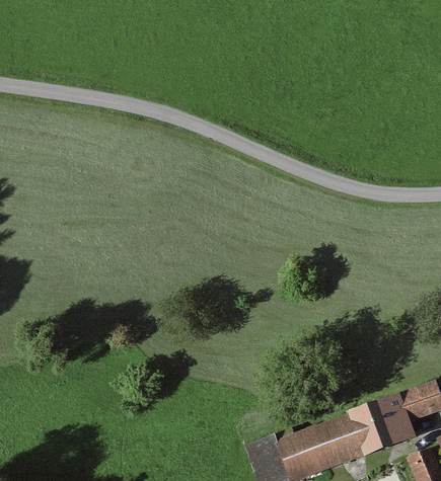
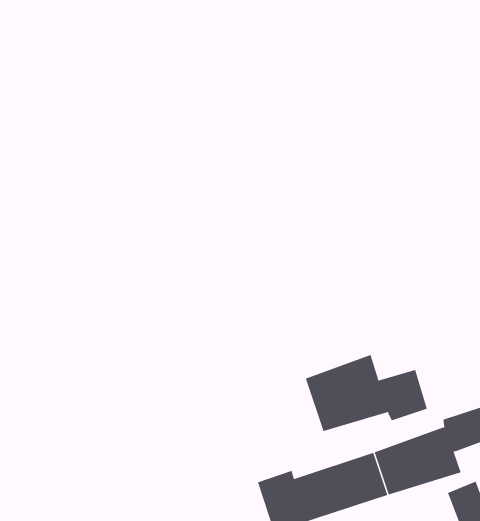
building: none -> [305,354,427,432]

